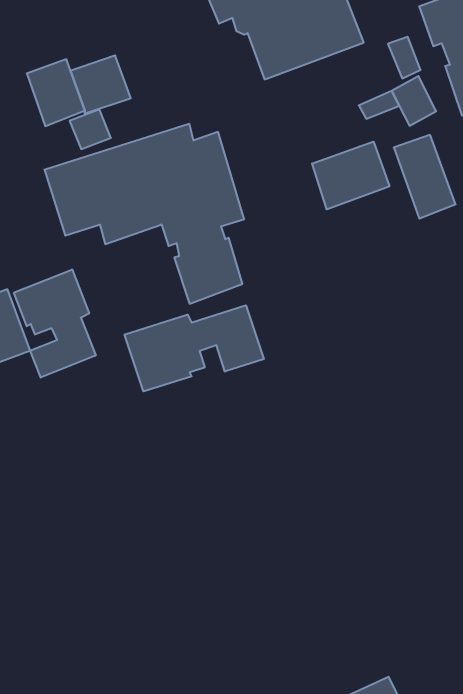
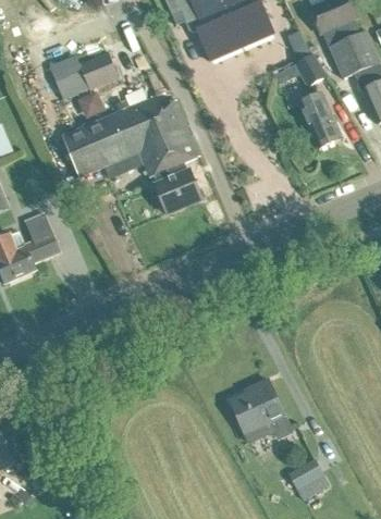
building: [312,142,389,209] -> none
building: [14,269,96,378] -> none
building: [125,305,264,391] -> none
building: none -> [231,380,292,443]

